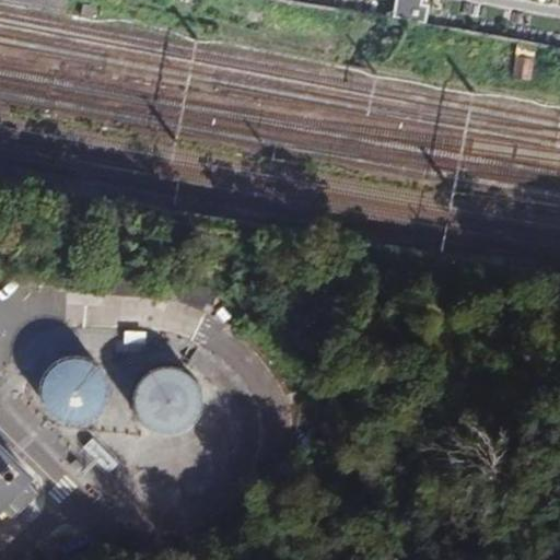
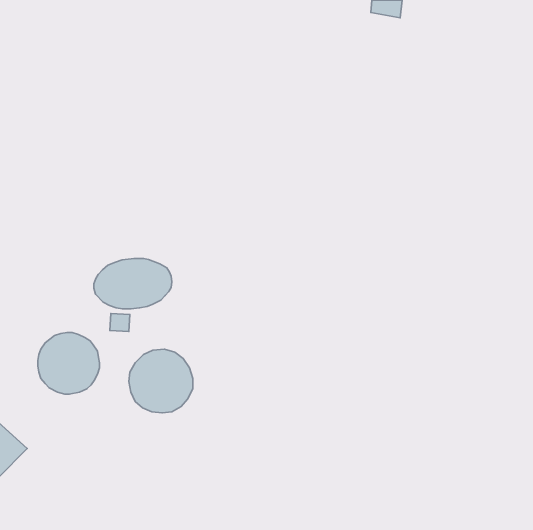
building: none -> [94,259,172,309]

